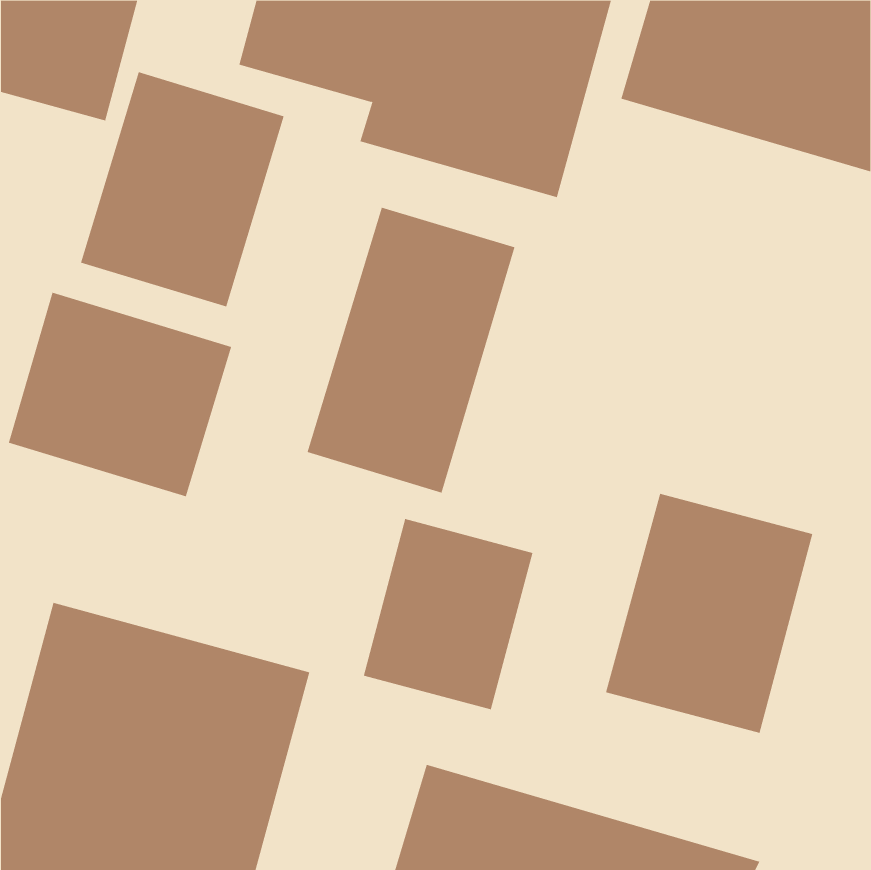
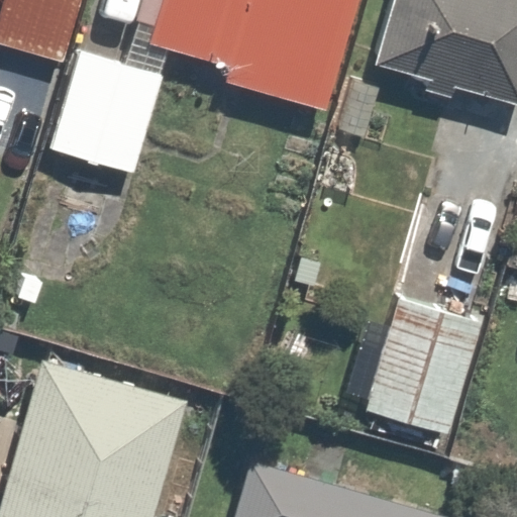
building: [307,207,515,494] -> none
building: [8,292,232,497] -> none
building: [363,518,533,710] -> none

